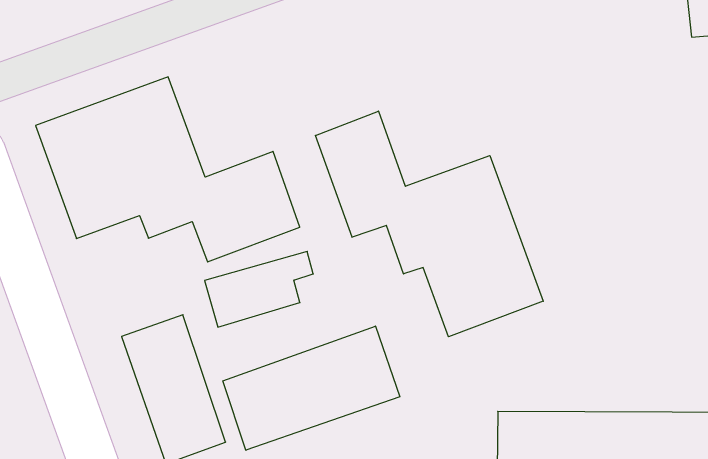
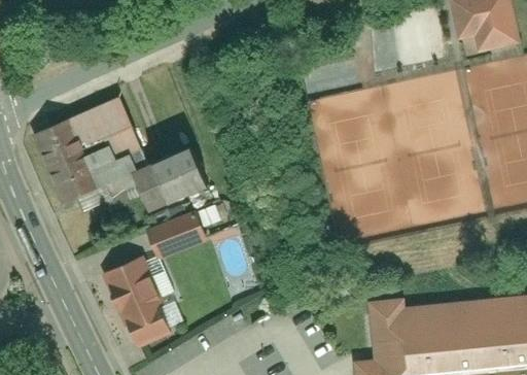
building: [315,111,543,337] -> none
building: [223,326,400,450] -> none

